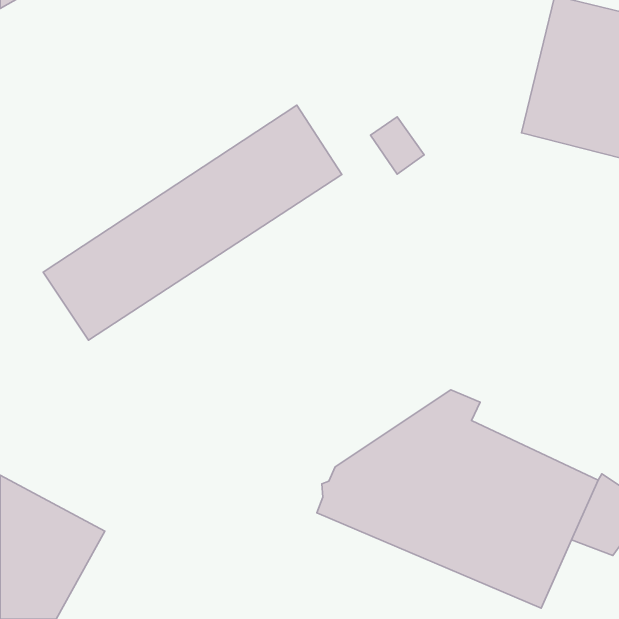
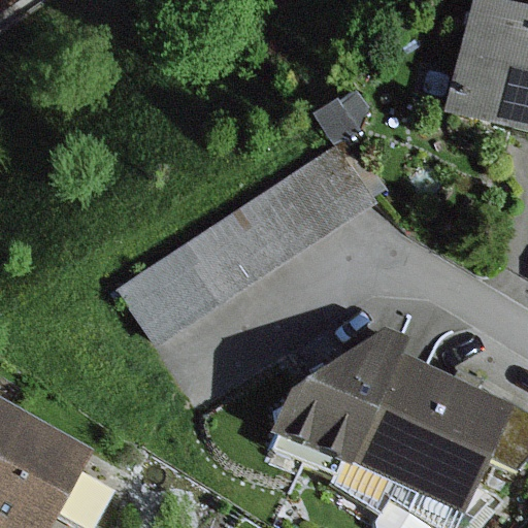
building: [43,105,342,340] -> [119,145,371,344]

